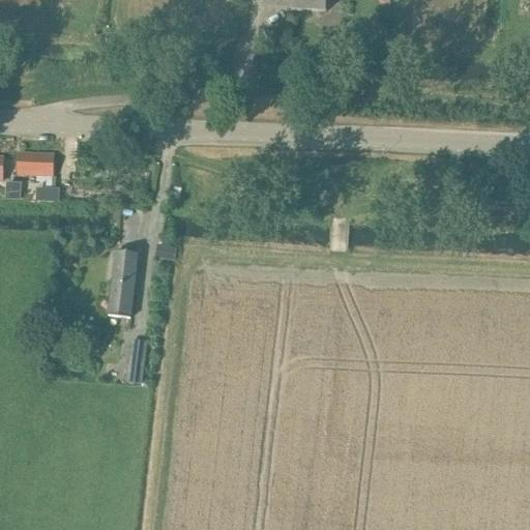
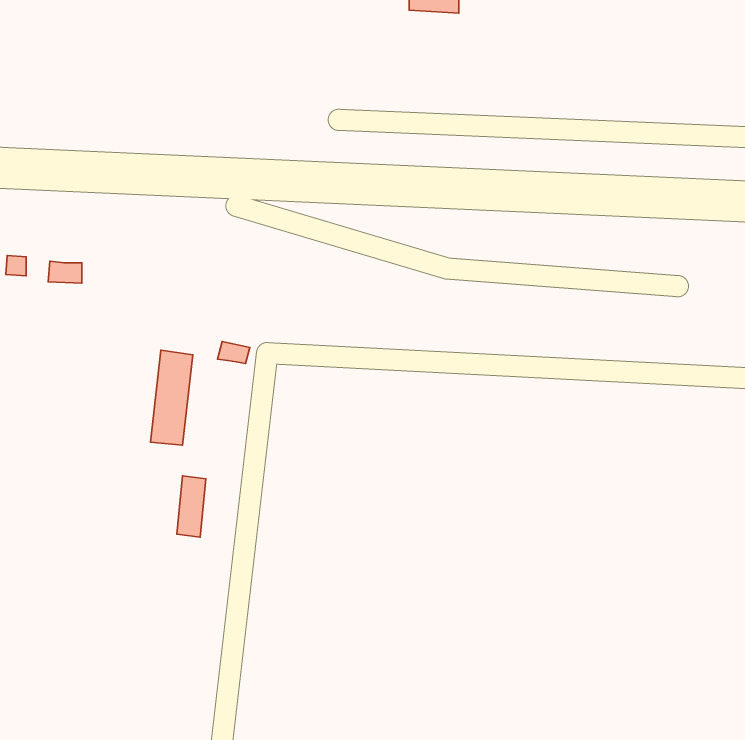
building: [19,150,53,184] -> none

